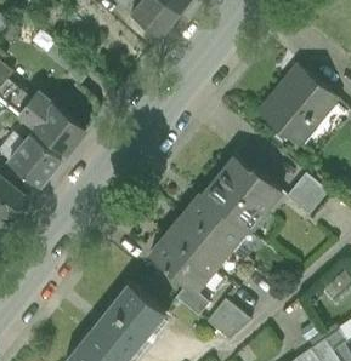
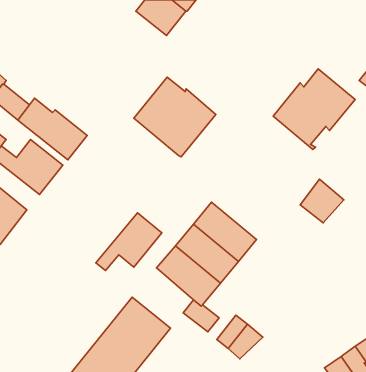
building: [202,155,279,230] -> [134,77,216,157]
building: none -> [96,213,162,271]

